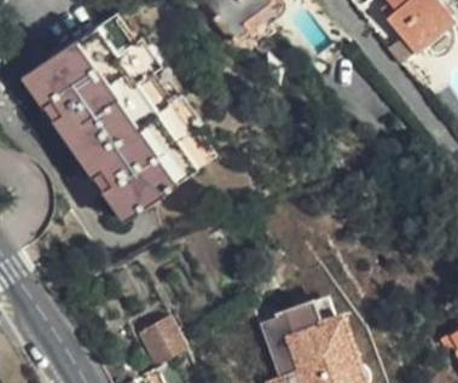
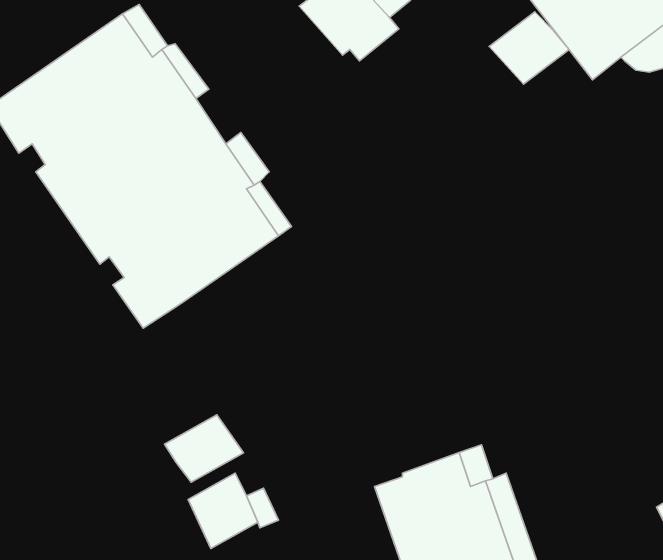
building: none -> [489,12,569,84]
building: none -> [165,415,244,482]

